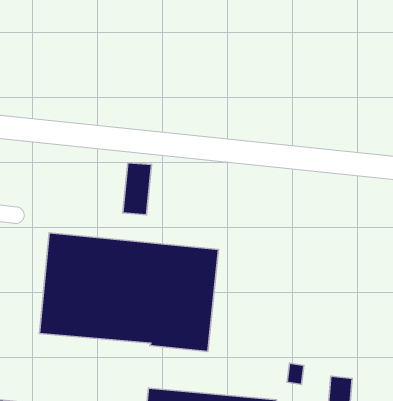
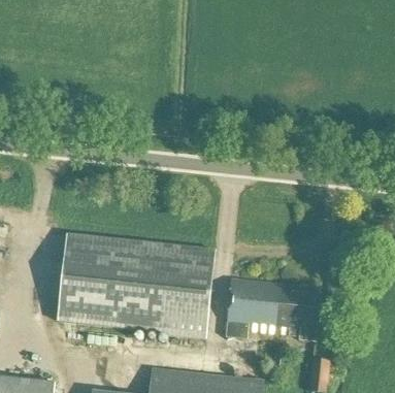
building: [123,163,152,215] -> none
building: none -> [226,279,319,341]

